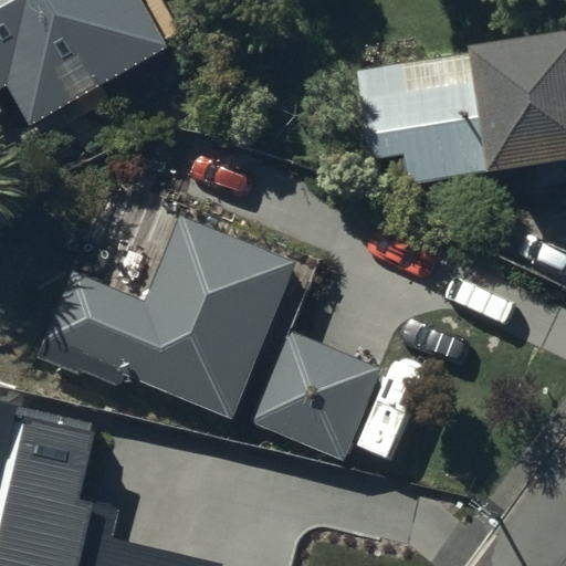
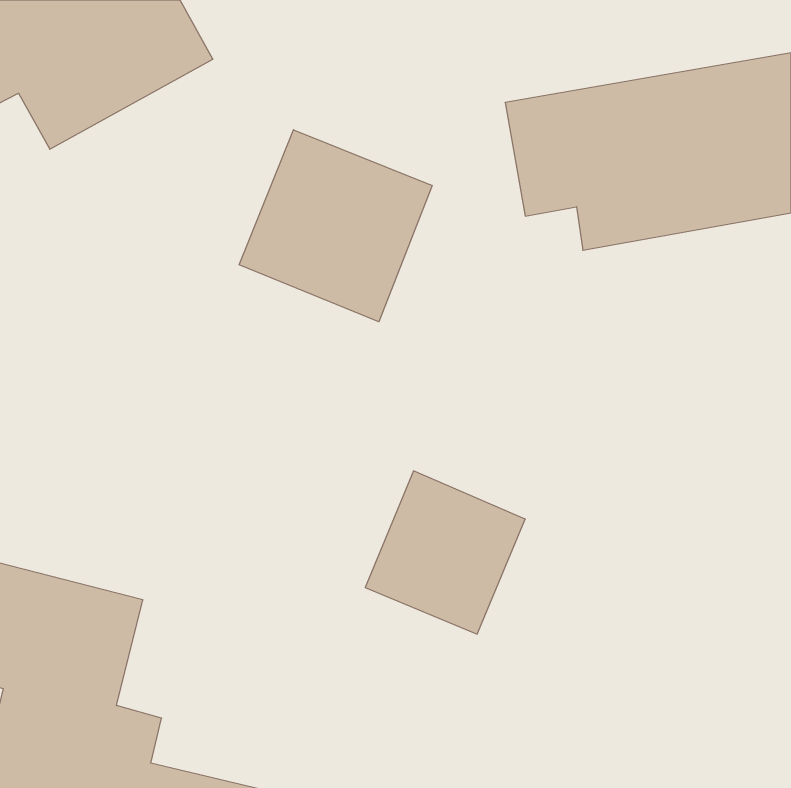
building: none -> [239,130,432,322]
building: [51,226,293,415] -> none

